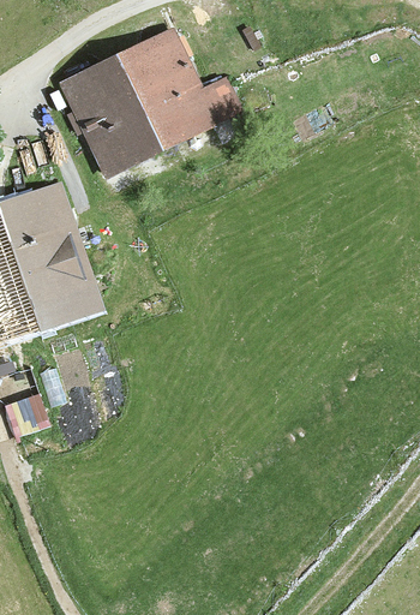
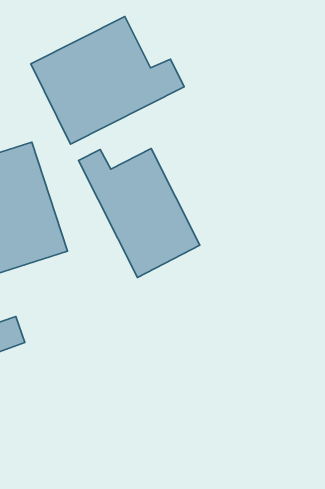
building: none -> [79,148,200,278]

